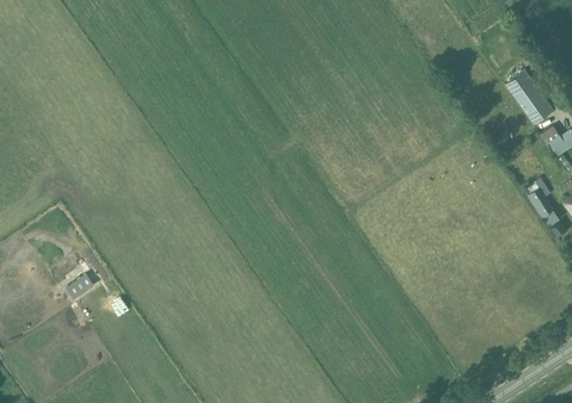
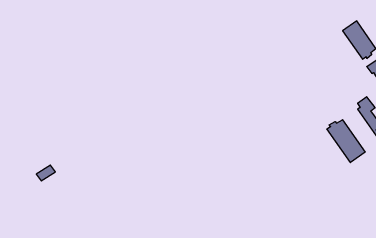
building: none -> [327,120,365,163]

